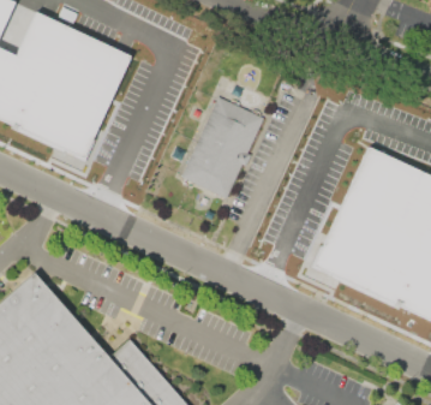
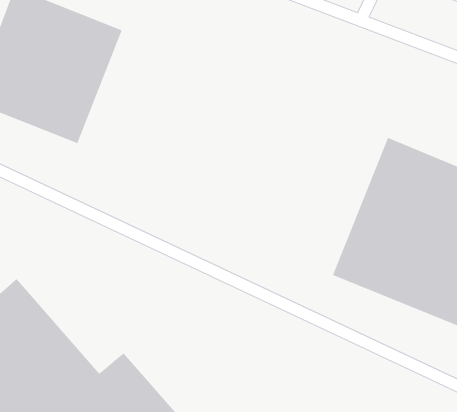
building: [181,96,264,197] -> none

